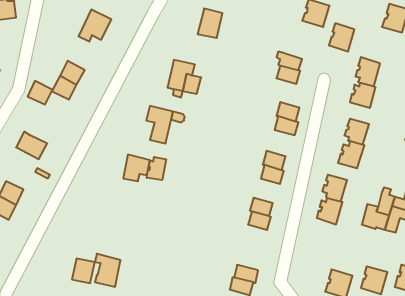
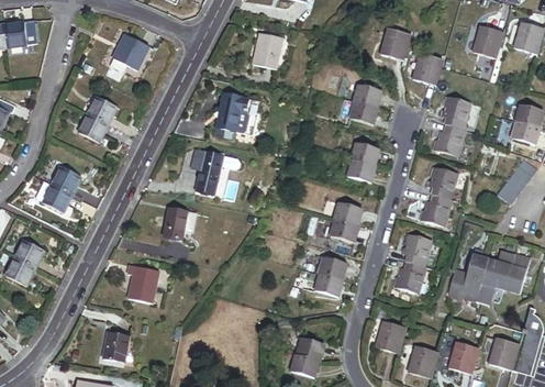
building: [28,81,52,105] -> [52,166,81,195]
building: [147,157,166,180] -> none
building: none -> [375,321,405,353]
building: [95,254,121,287] -> [127,264,158,303]

